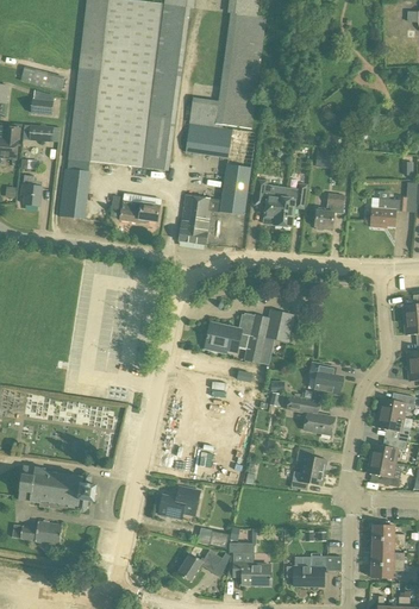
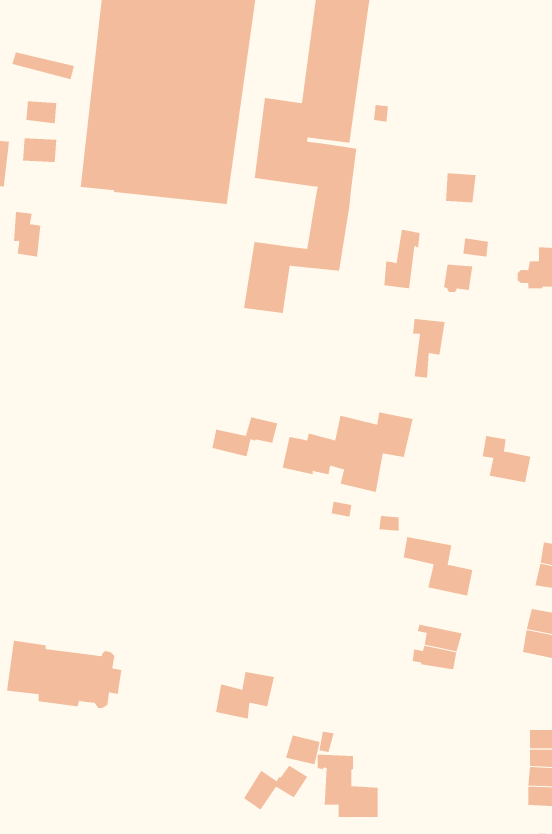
building: [58,158,90,219] -> none
building: [263,184,286,225] -> [412,318,445,378]
building: [120,194,161,222] -> none
building: none -> [212,417,278,457]
building: [309,363,343,395] -> [482,435,531,483]
building: [20,521,62,545] -> none
building: [287,555,342,586] -> none

